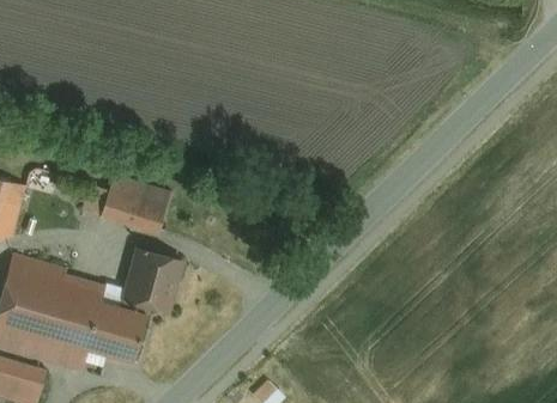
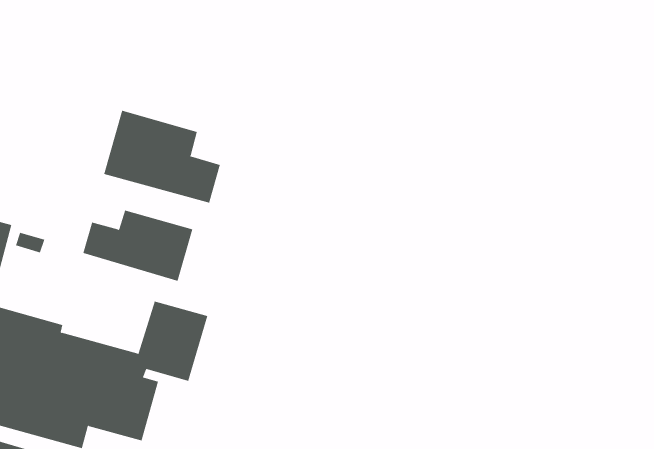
building: none -> [103,110,221,204]

